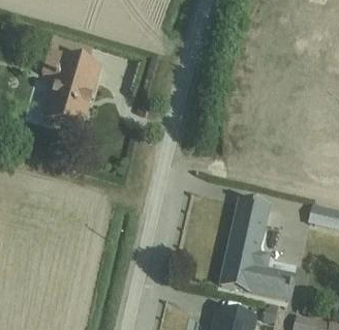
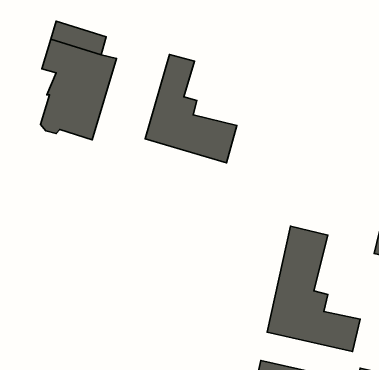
building: none -> [145,55,237,163]

